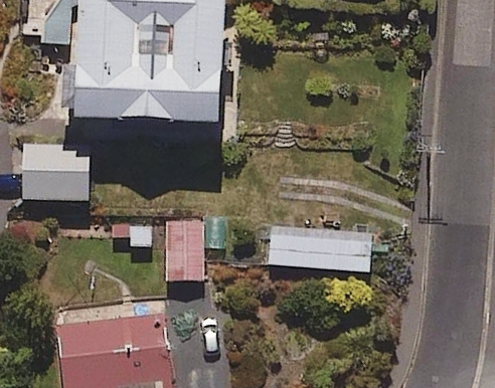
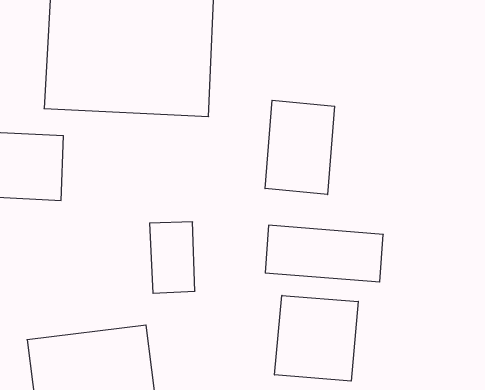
building: none -> [265,100,335,195]
building: none -> [275,295,358,381]

